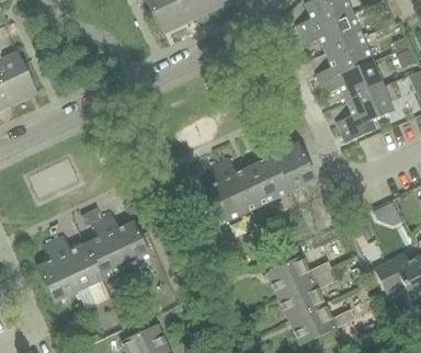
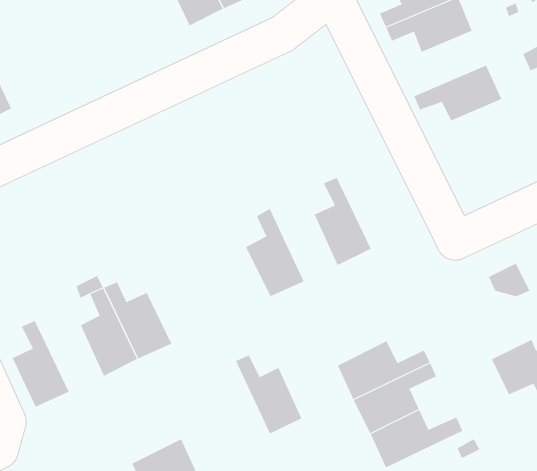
building: [317,36,372,82] -> none
building: [337,80,400,141] -> none
building: [266,135,315,190] -> none
building: [219,157,266,213] -> [235,355,302,434]
building: [54,235,102,291] -> none

